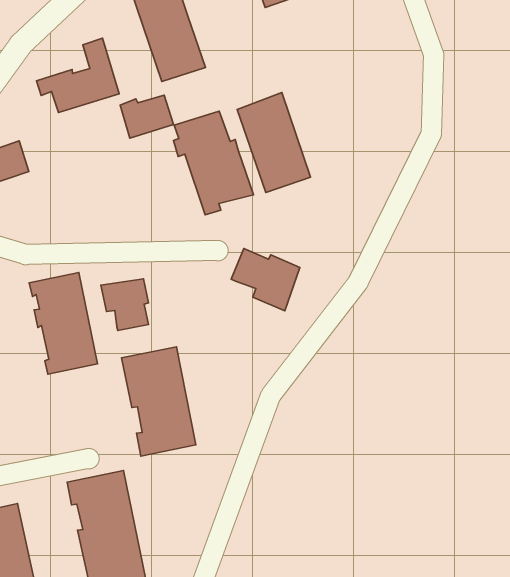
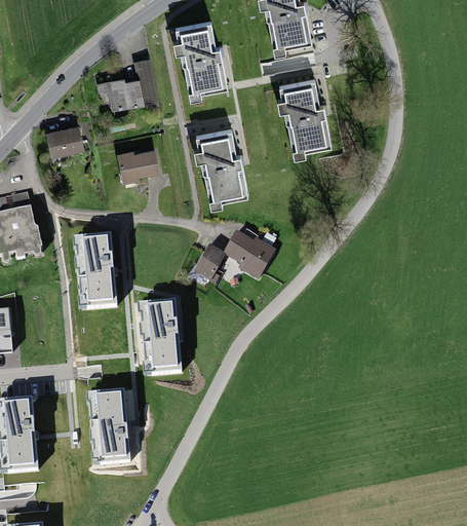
building: [237,93,311,192] -> [280,78,328,151]
building: [120,95,174,138] -> [119,152,157,181]
building: none -> [194,245,226,286]
building: [101,279,149,331] -> none

